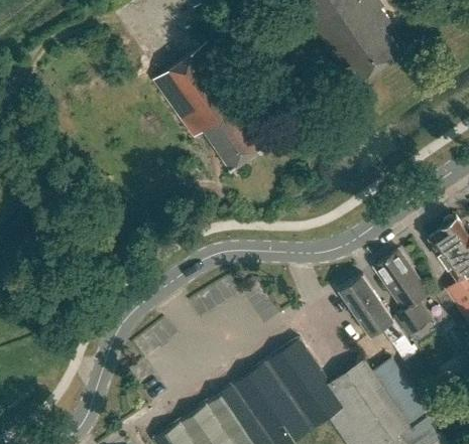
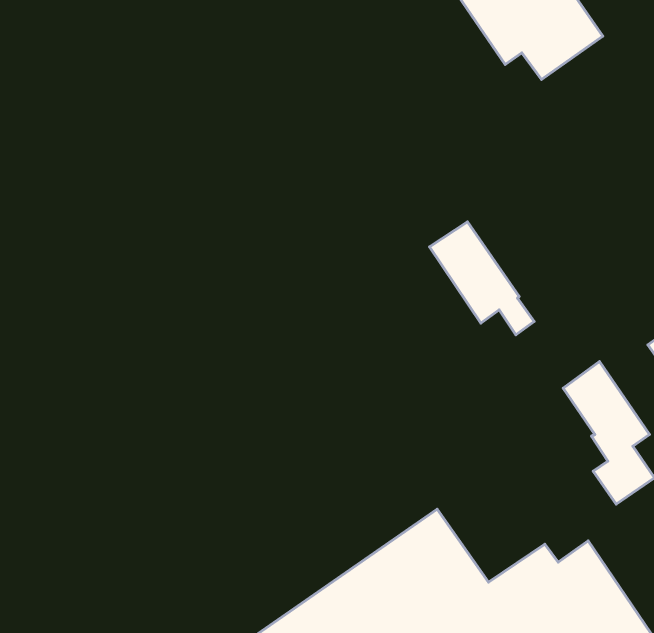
building: [152,41,265,170] -> none
building: [340,276,403,344] -> [429,222,534,335]

